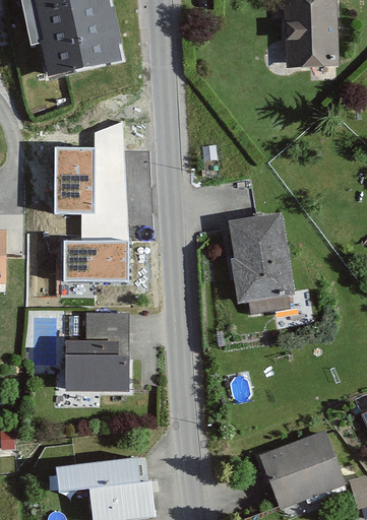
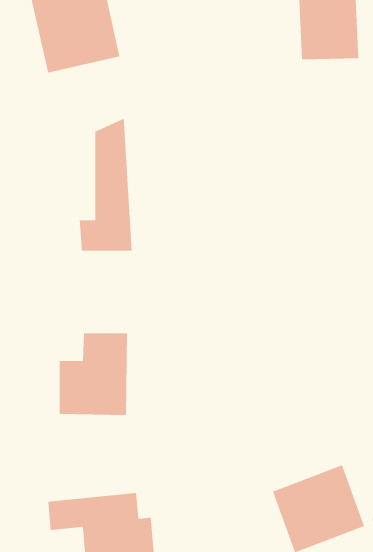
building: [57,144,97,211] -> none
building: [229,212,292,313] -> none
building: [66,240,131,280] -> none

